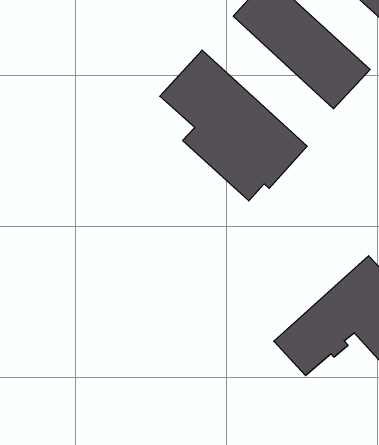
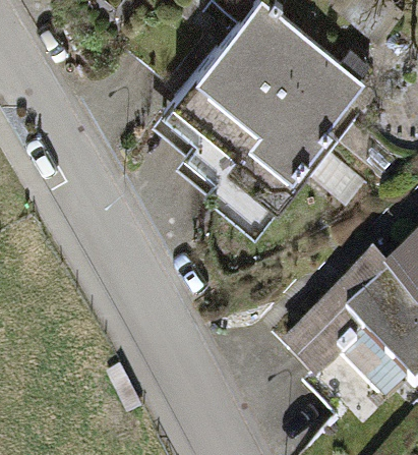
building: none -> [203,27,335,150]

